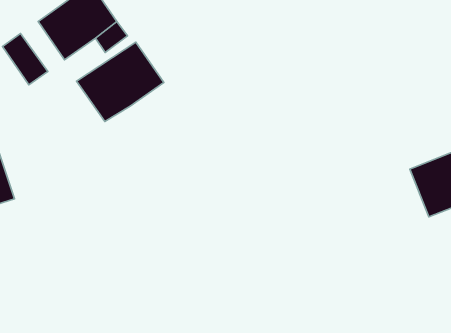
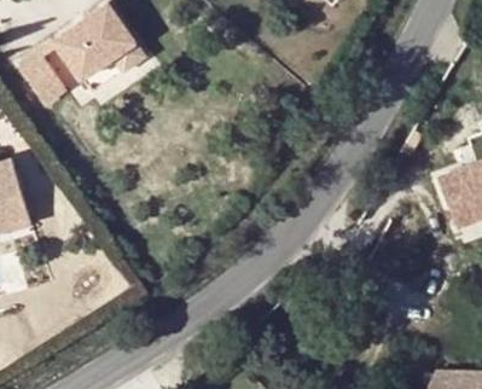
building: [77,42,164,122] -> none

